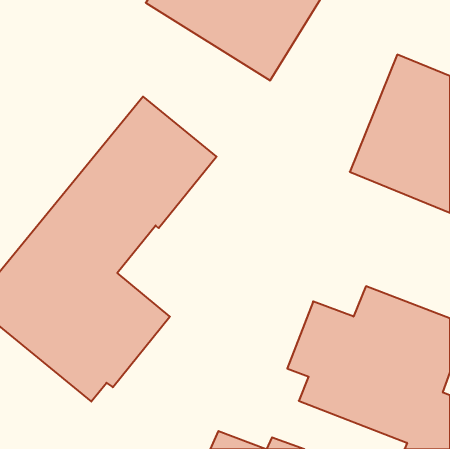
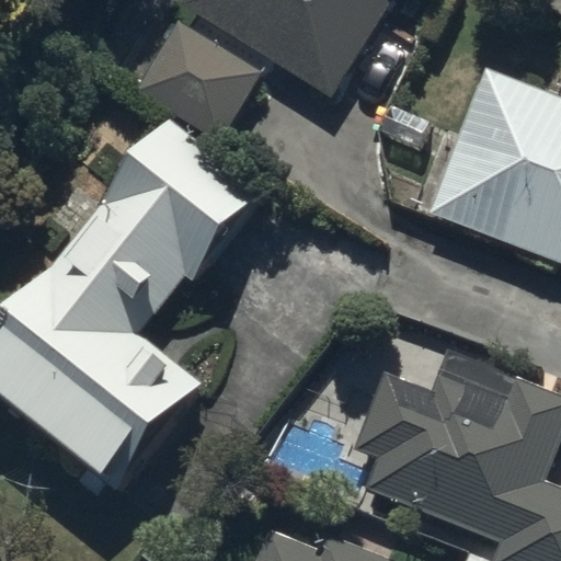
building: none -> [126,13,262,142]

